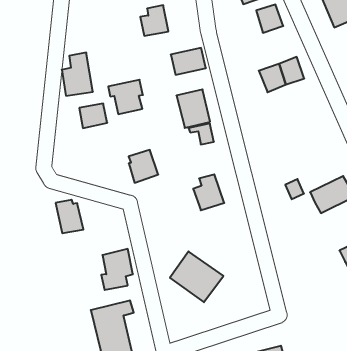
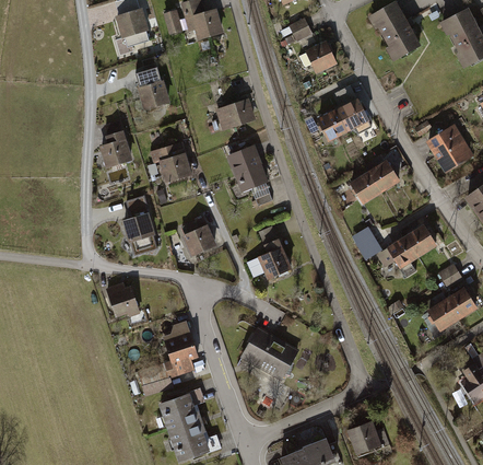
building: [140,5,168,36] -> [138,72,170,108]
building: [79,104,107,128] -> [122,212,155,242]
building: none -> [347,160,399,204]

